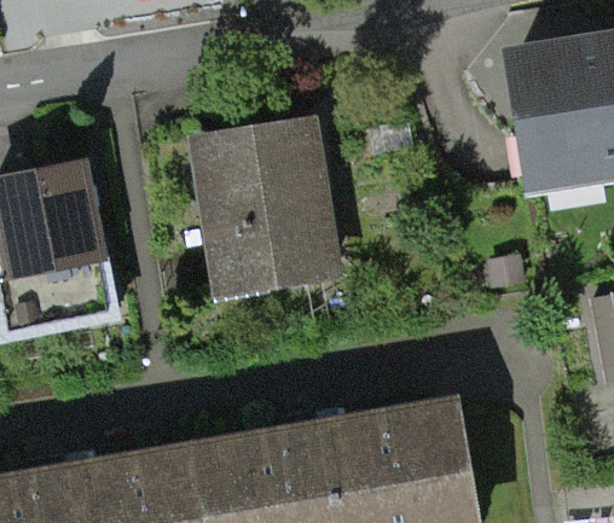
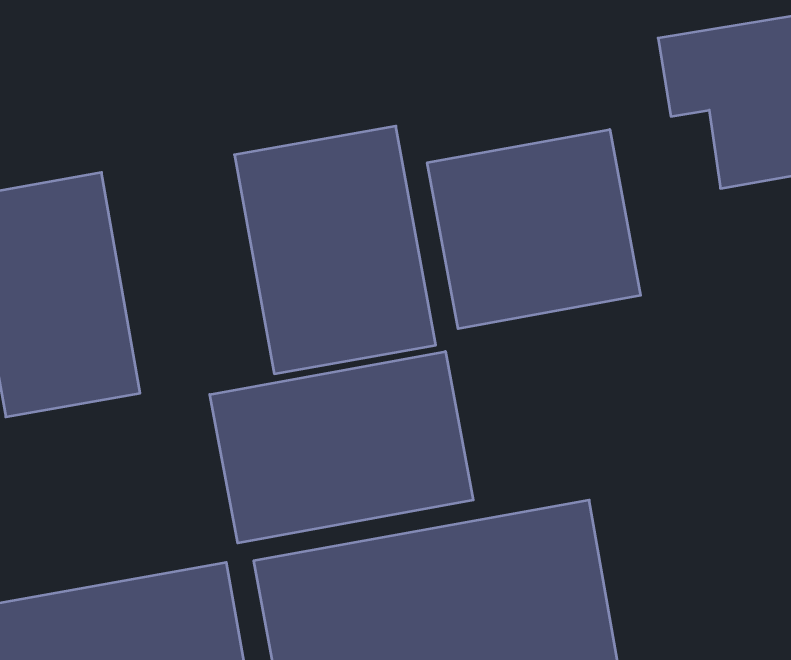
building: none -> [427,129,641,329]
building: none -> [210,351,473,543]

